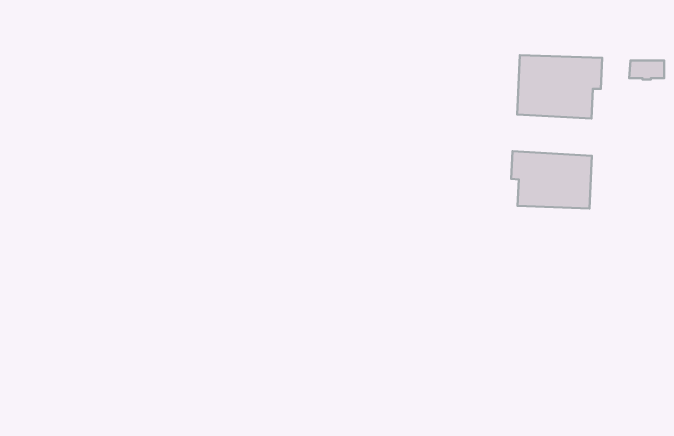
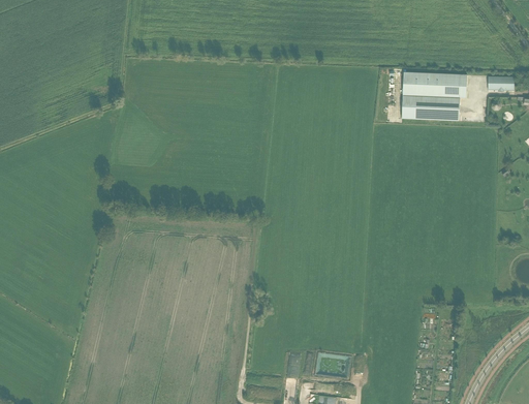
building: [511,151,592,209] -> none

